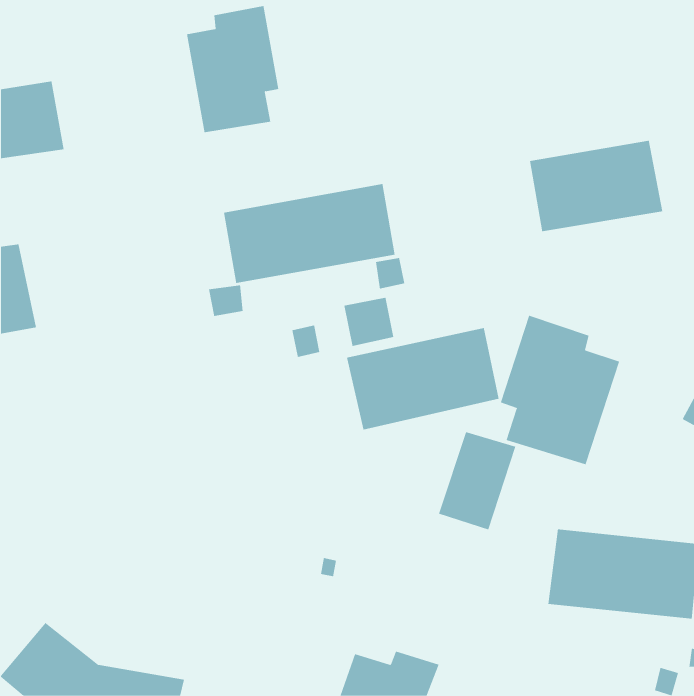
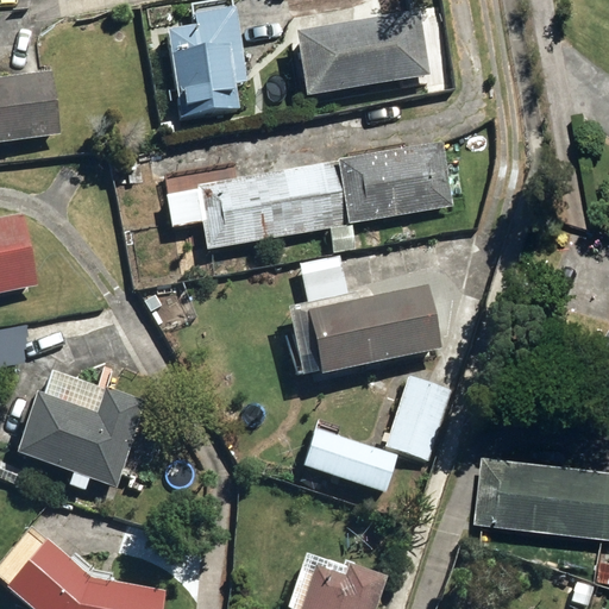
building: none -> [295,11,429,94]
building: [529,140,663,232] -> [338,142,454,221]
building: [500,315,620,465] -> none
building: none -> [14,371,145,485]
building: none -> [303,429,396,491]

